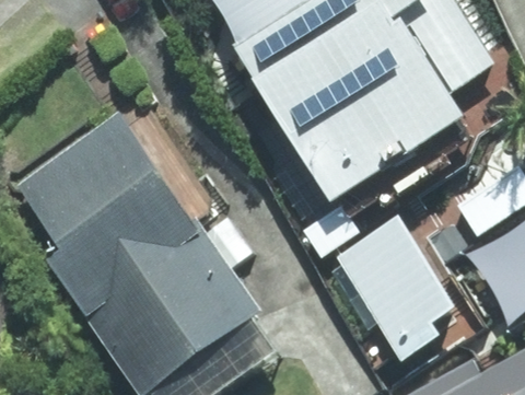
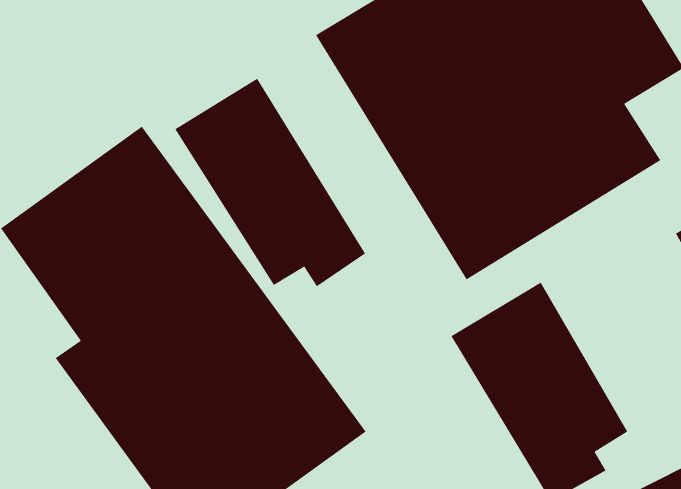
building: none -> [174,78,366,287]

